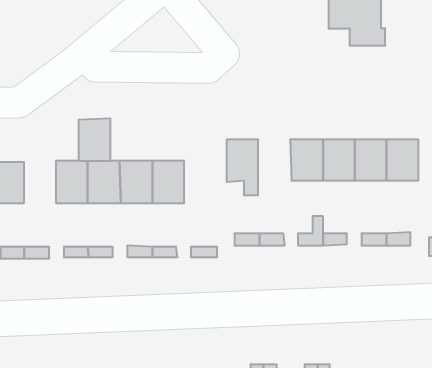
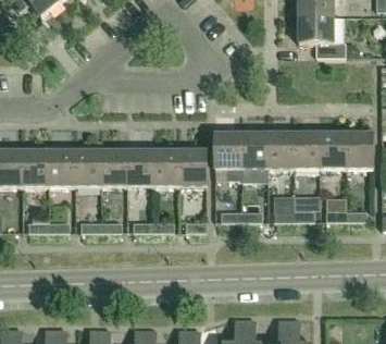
building: [79,118,110,161] -> [48,151,74,186]
building: none -> [240,134,267,168]
building: none -> [179,151,206,186]

